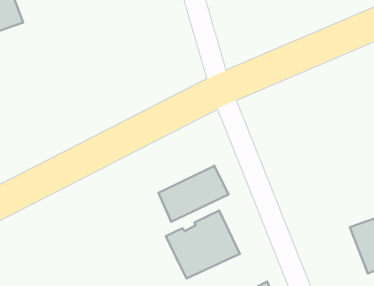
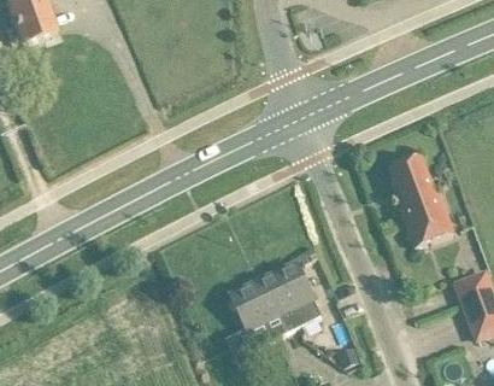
building: none -> [389,156,453,246]
building: [158,166,229,222] -> none

